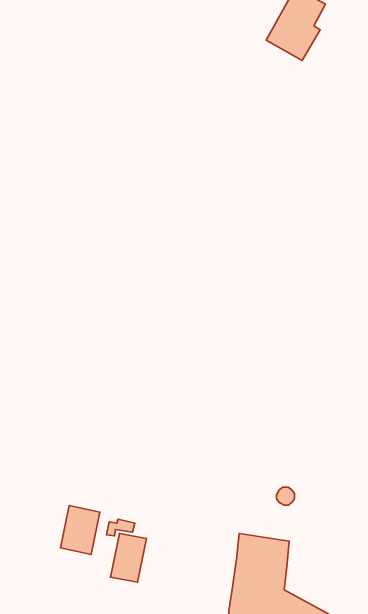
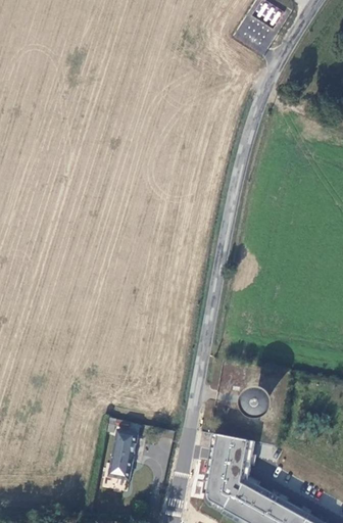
building: [60,506,100,554] -> none

